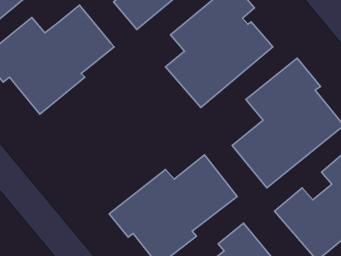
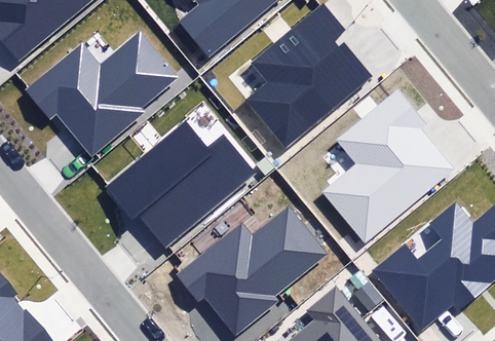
building: none -> [107,123,252,247]

